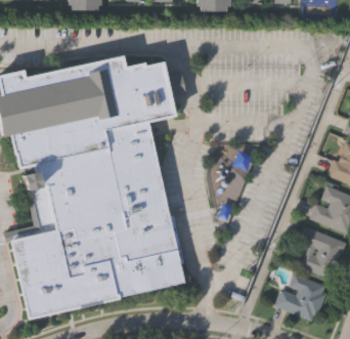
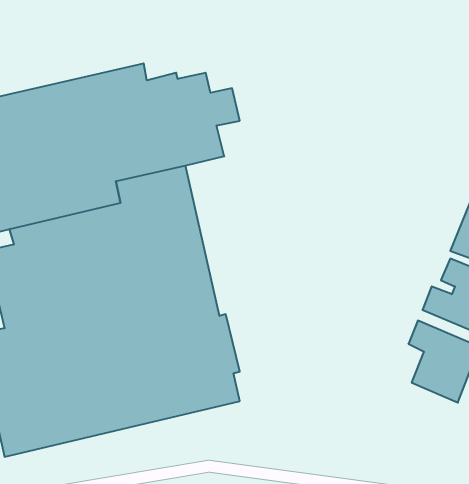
building: [271,274,325,323] -> none

